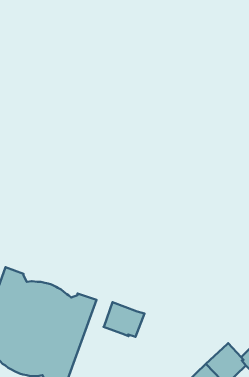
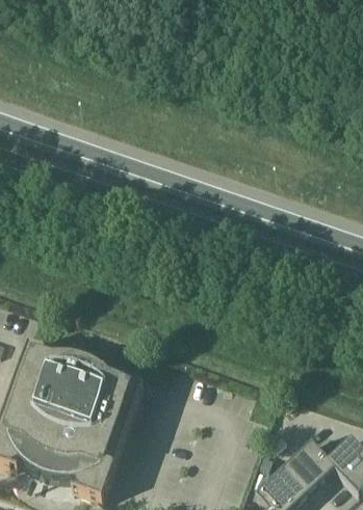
building: [104,302,144,337] -> none

